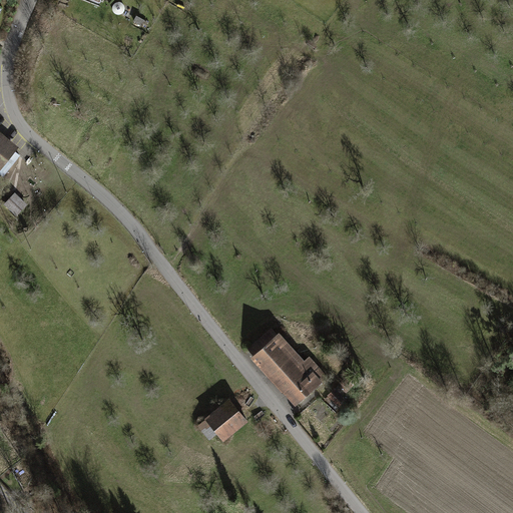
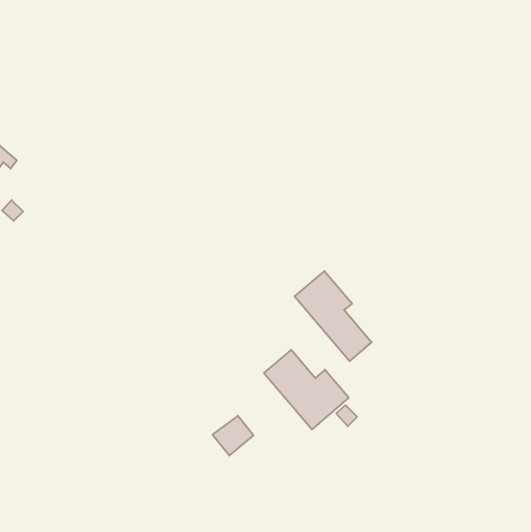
building: none -> [295,271,372,361]

